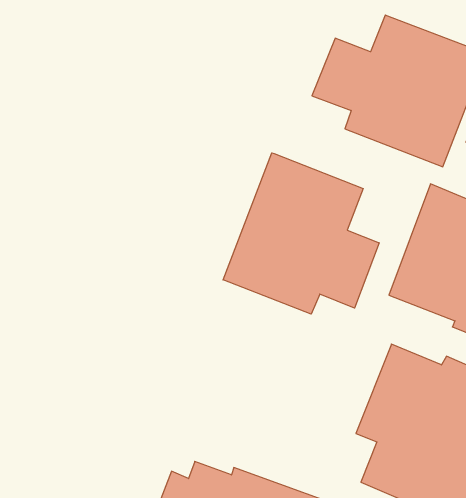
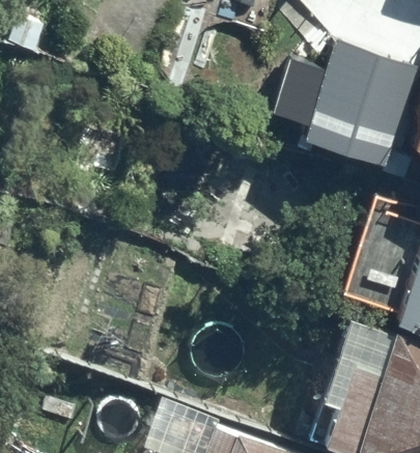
building: [223,153,379,314] -> none

